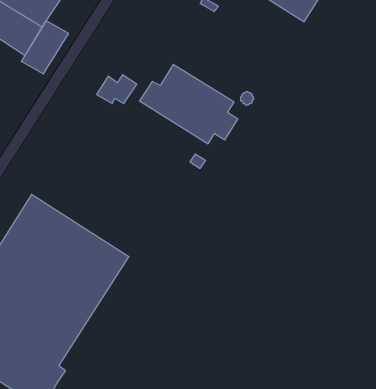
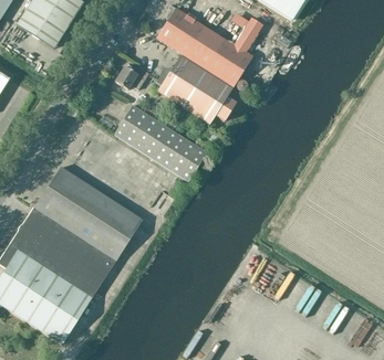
building: none -> [156,8,262,86]
building: [21,21,68,74] -> none
building: none -> [114,104,207,181]

